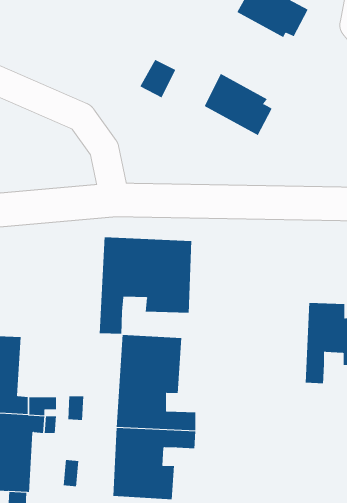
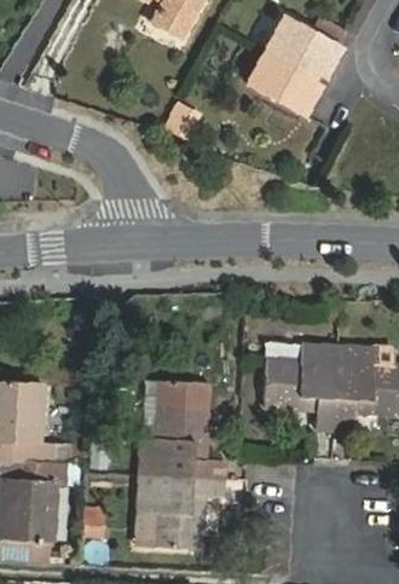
building: [204,73,272,136] -> [248,50,318,114]
building: [99,237,192,334] -> none
building: none -> [265,345,339,429]

